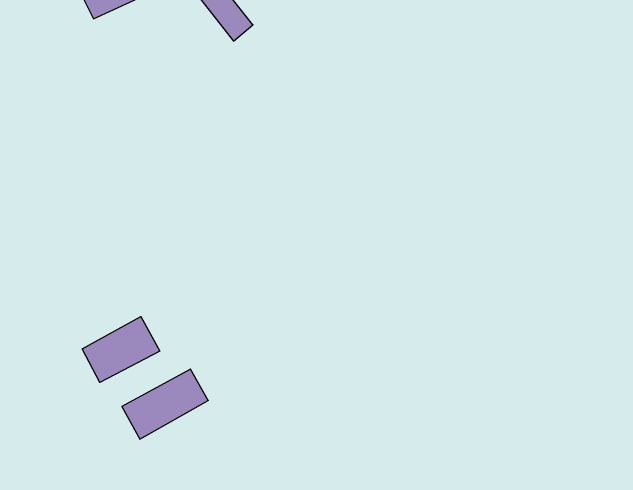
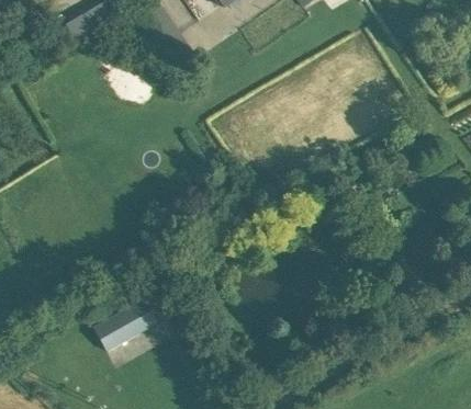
building: [82,317,160,382] -> none

